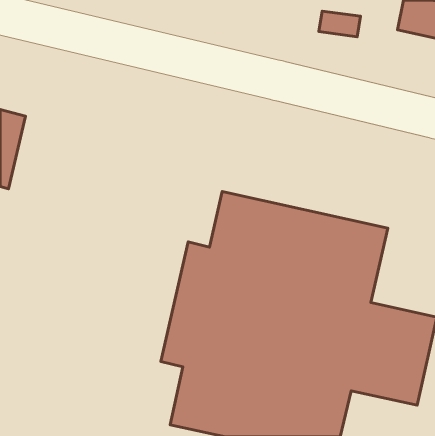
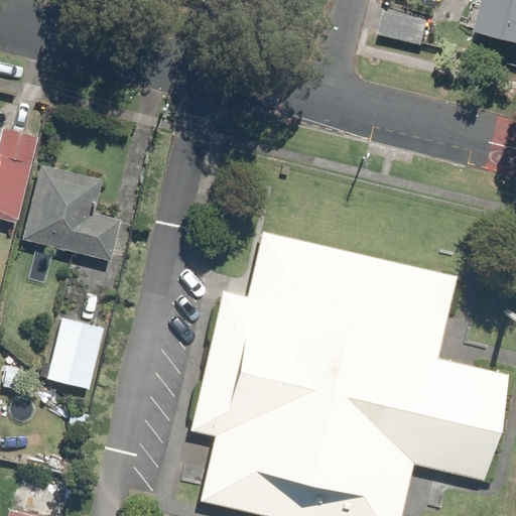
building: none -> [19,165,117,263]
building: none -> [44,318,102,392]

